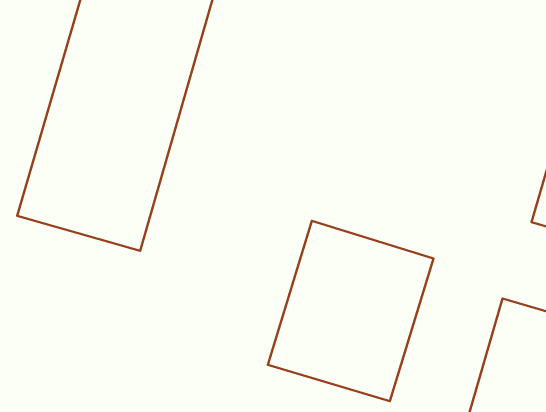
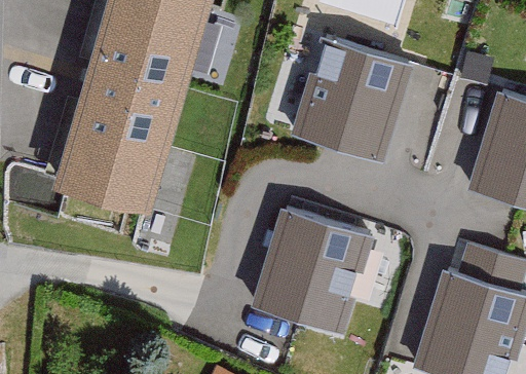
building: none -> [292,34,419,163]

